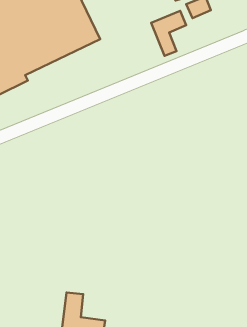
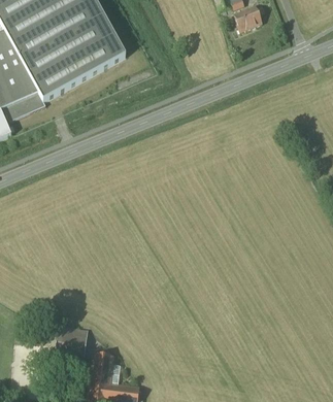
building: [151,11,186,56] -> none
building: none -> [55,325,87,356]

